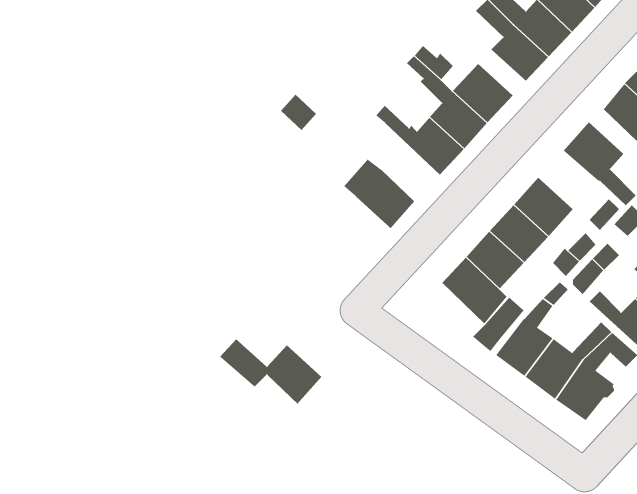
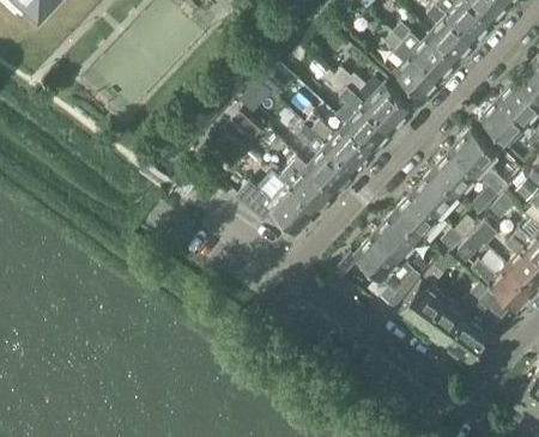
building: none -> [296,123,356,190]
building: none -> [432,151,479,196]
building: [219,338,322,405] -> [237,182,317,233]

